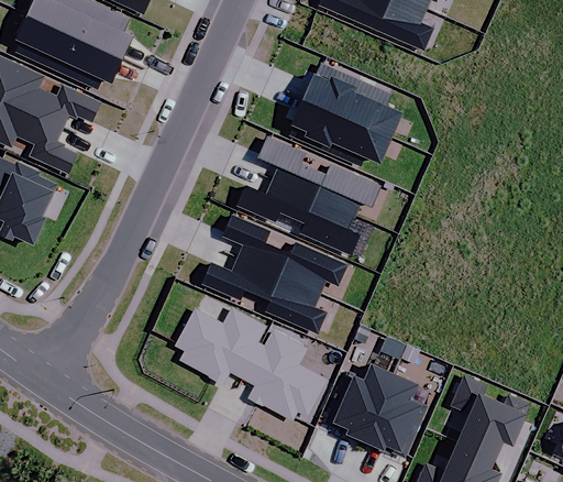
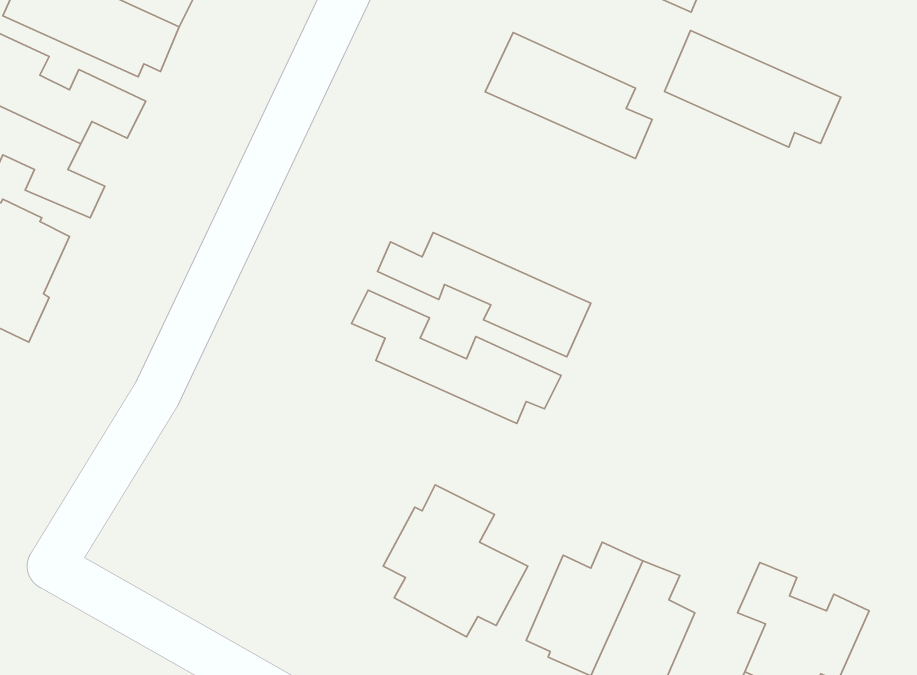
building: [288,96,393,165] -> [665,30,841,147]
building: [261,135,383,217] -> none
building: [205,255,327,332] -> none
building: [177,306,267,382] -> none

